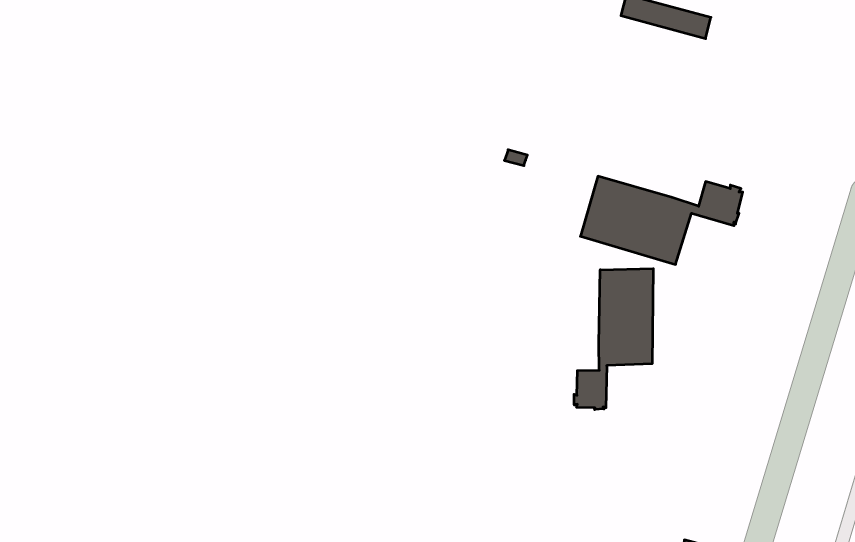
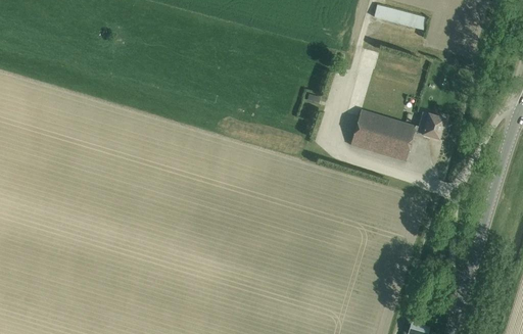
building: [574,269,653,410] -> none

